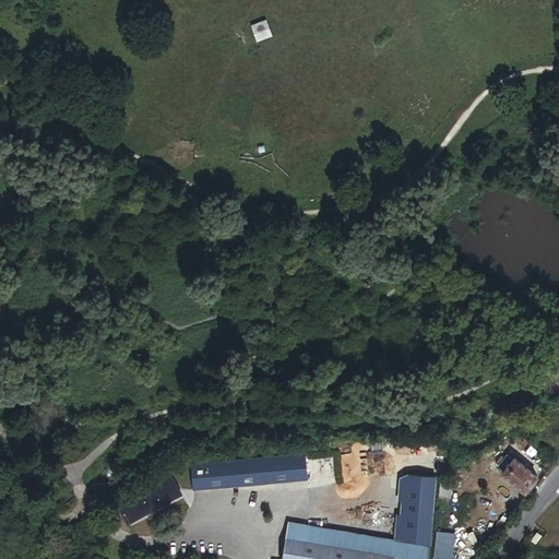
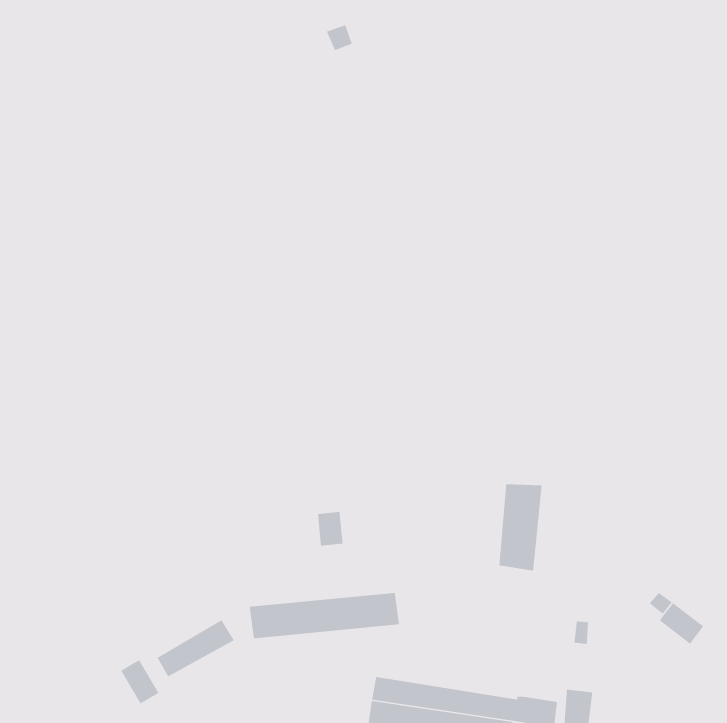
building: none -> [317,511,344,546]
building: [401,474,435,542] -> [498,483,543,572]
building: none -> [120,659,159,705]

